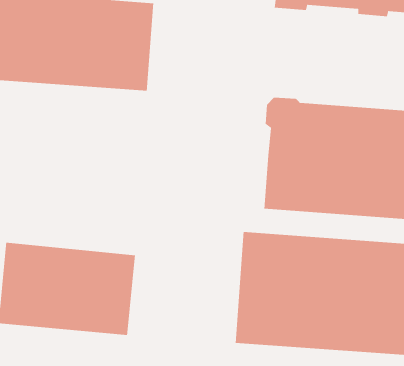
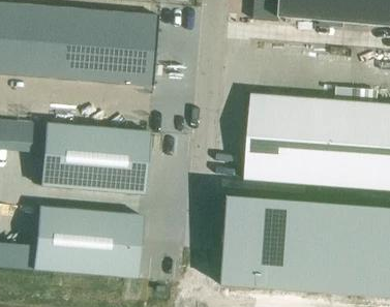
building: none -> [41,122,151,194]

